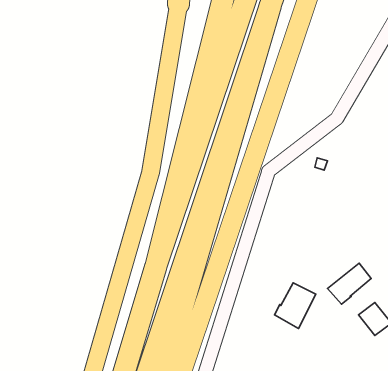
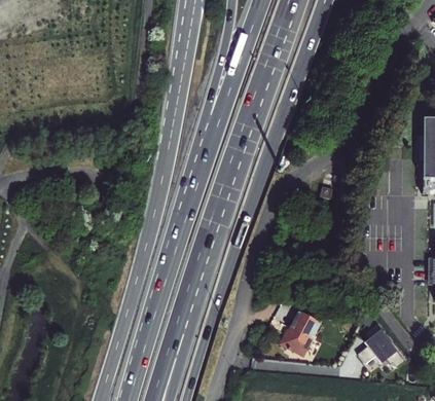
building: [327,263,371,304] -> none

